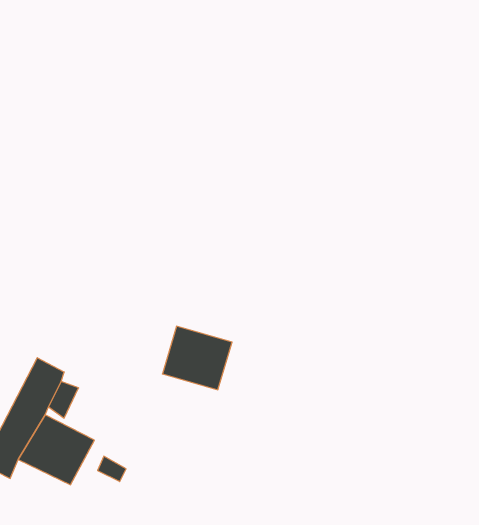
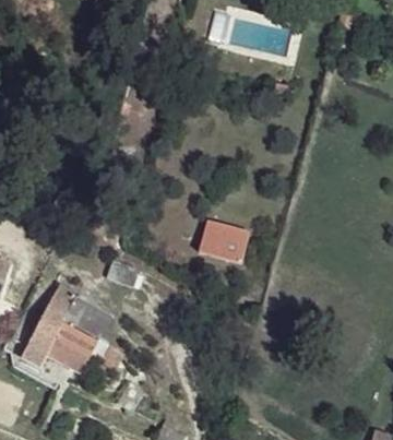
building: [162,326,232,390] -> [201,218,249,262]

